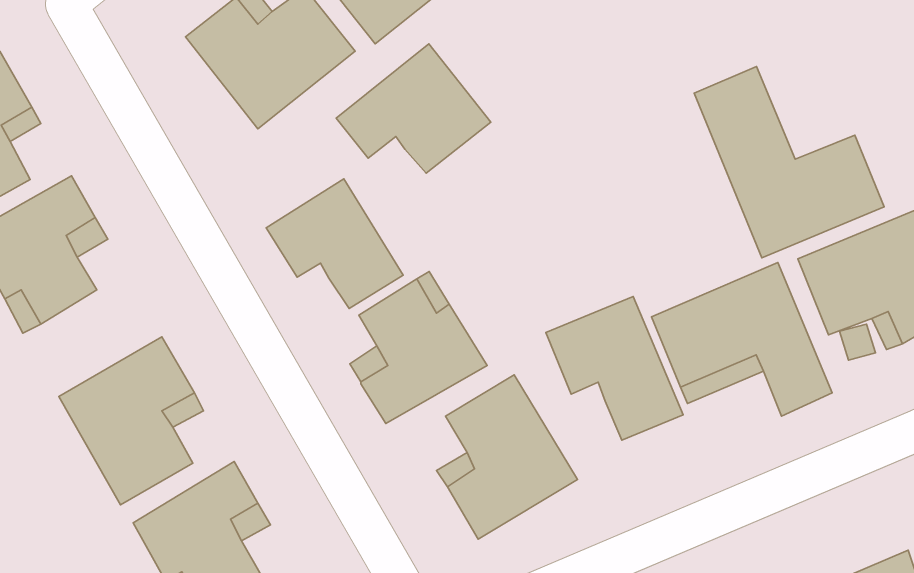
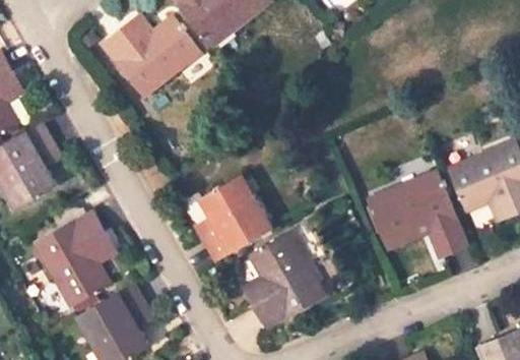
building: [336,44,491,173] -> none
building: [694,66,884,258] -> none
building: [266,179,403,308] -> none
building: [546,296,683,440] -> none

